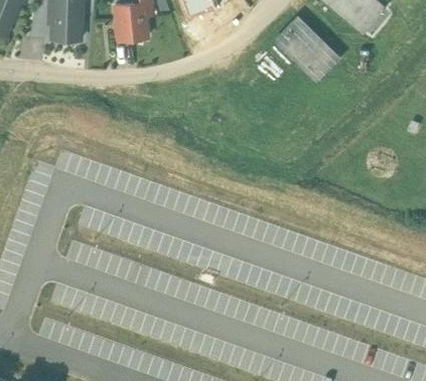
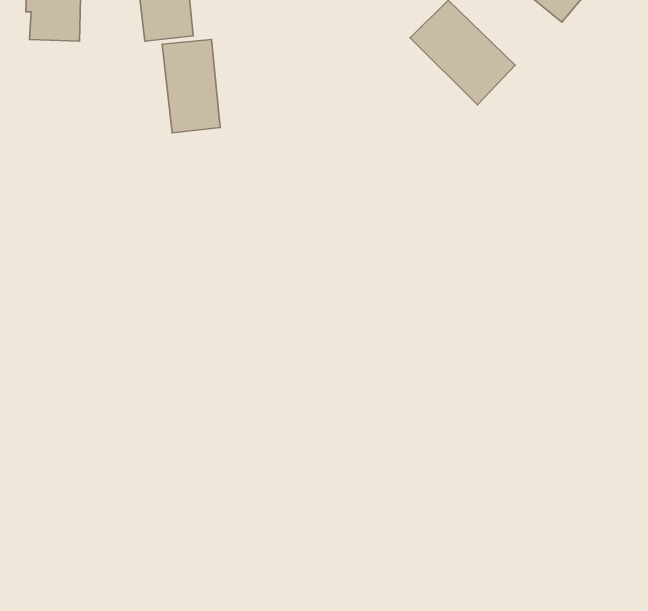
building: none -> [162,40,220,133]

